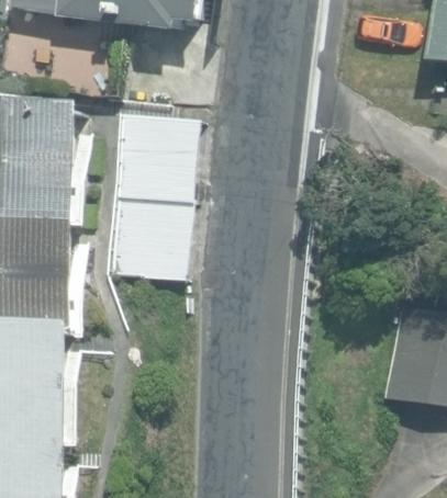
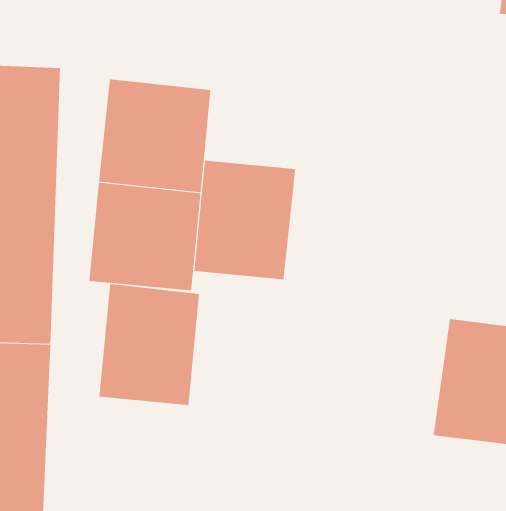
building: none -> [194,160,296,280]
building: none -> [99,283,200,406]

